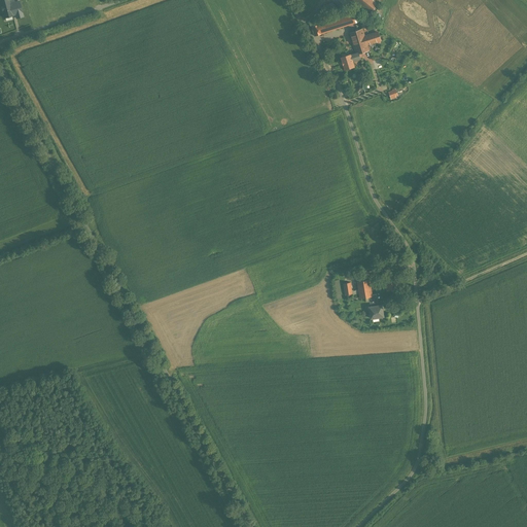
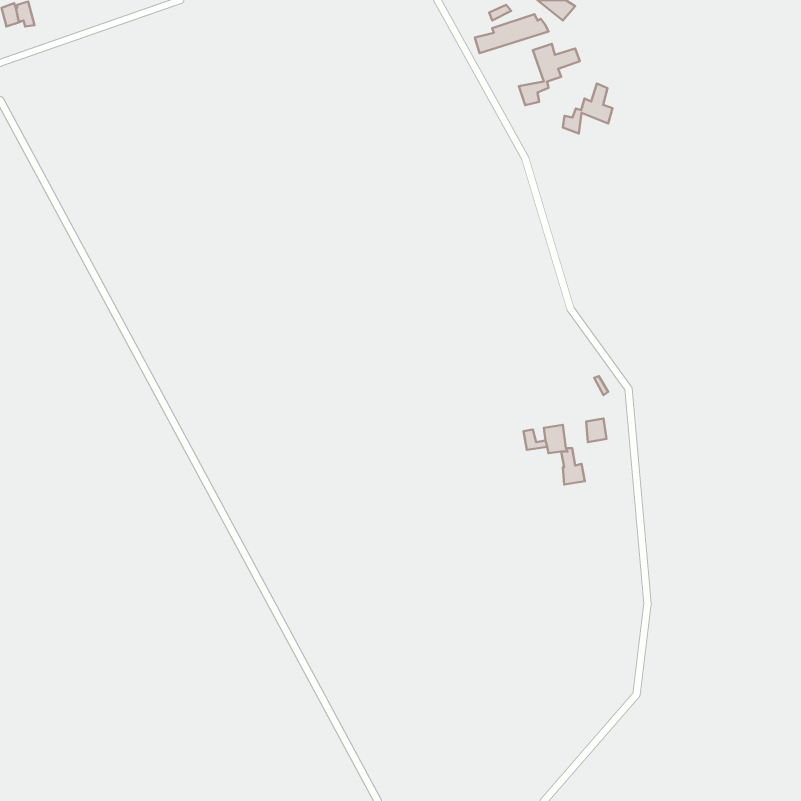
building: none -> [563,84,613,134]

